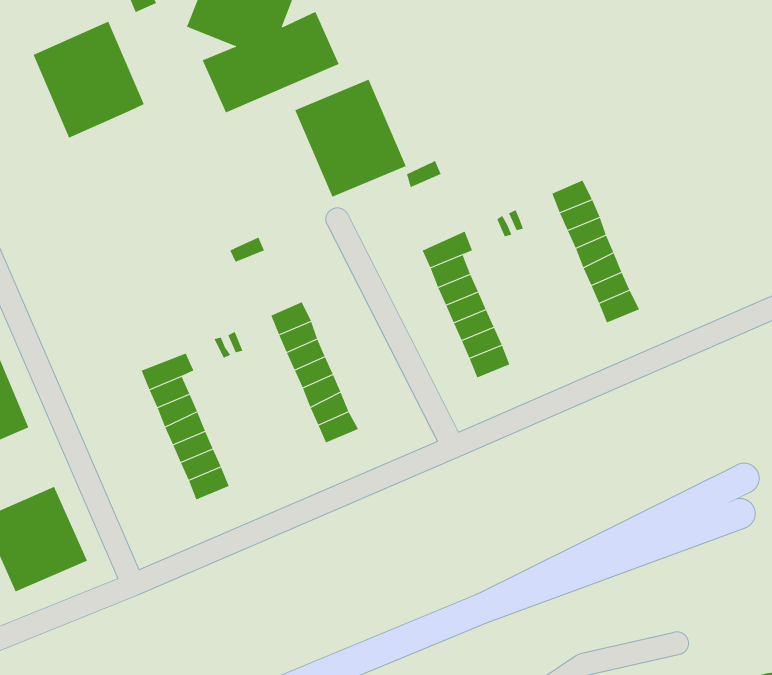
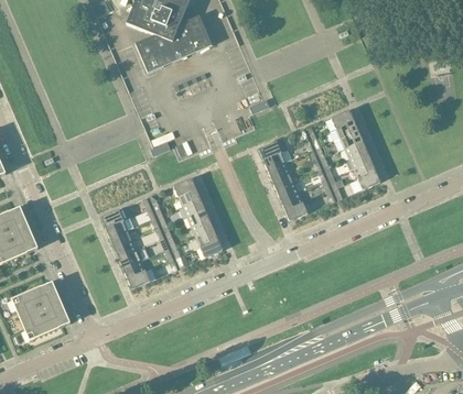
building: [33,21,145,138] -> none
building: [294,79,407,197] -> none

